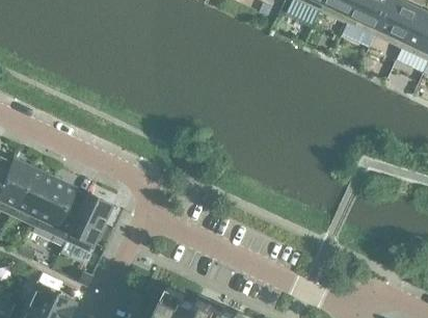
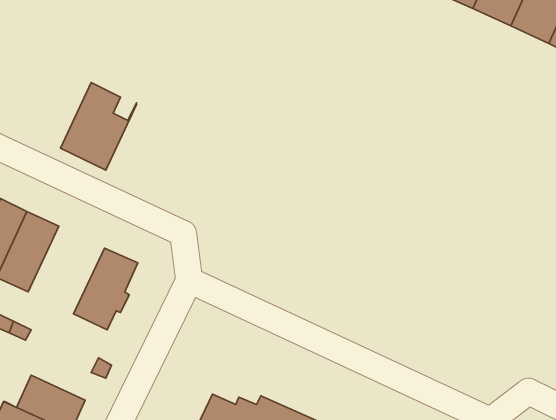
building: [32,178,86,240] -> [60,83,137,170]

